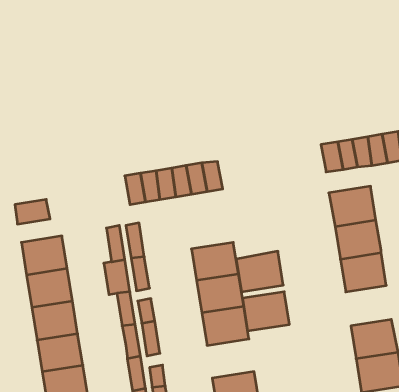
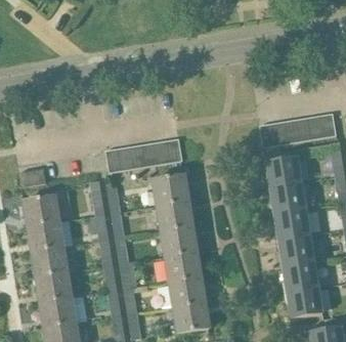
building: [236,251,283,292] -> [153,175,189,207]
building: none -> [277,236,313,267]
building: [242,292,289,331] -> [169,277,206,308]

